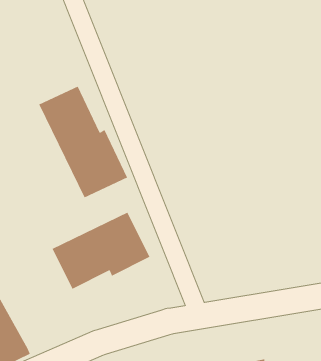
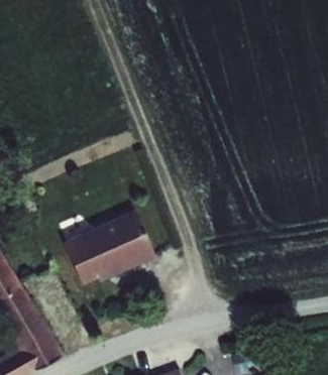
building: [38,86,128,198] -> none

